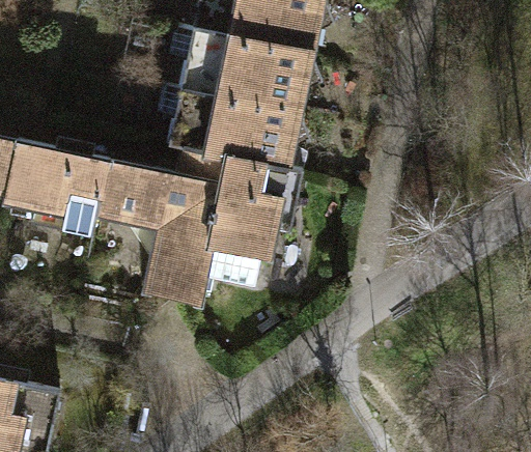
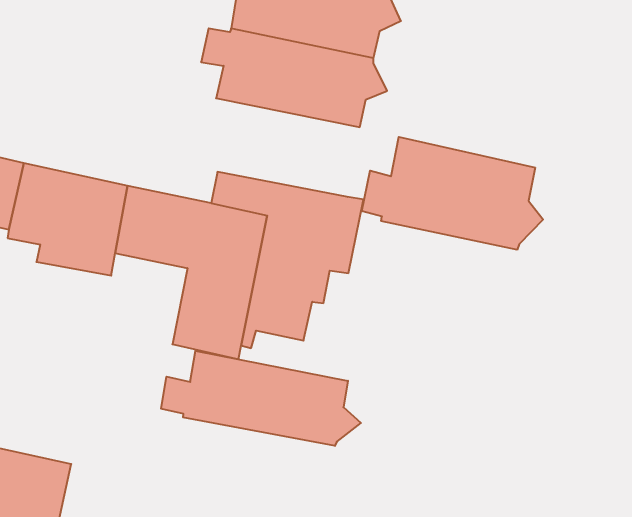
building: [157,86,310,168] -> none
building: none -> [362,137,543,250]
building: none -> [161,351,361,446]

